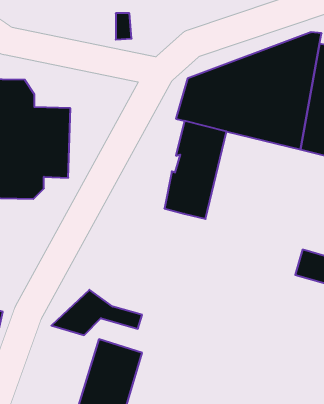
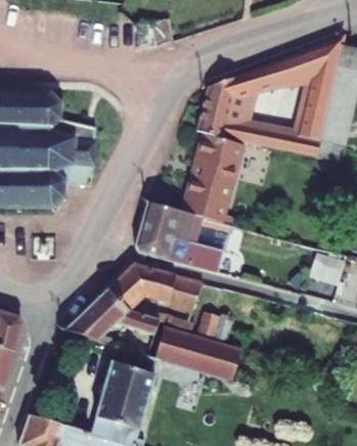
building: none -> [135,206,226,272]
building: none -> [109,265,204,324]
building: none -> [161,325,248,378]

